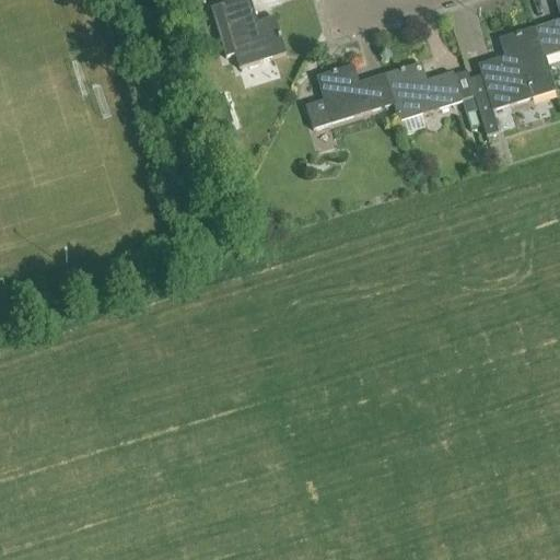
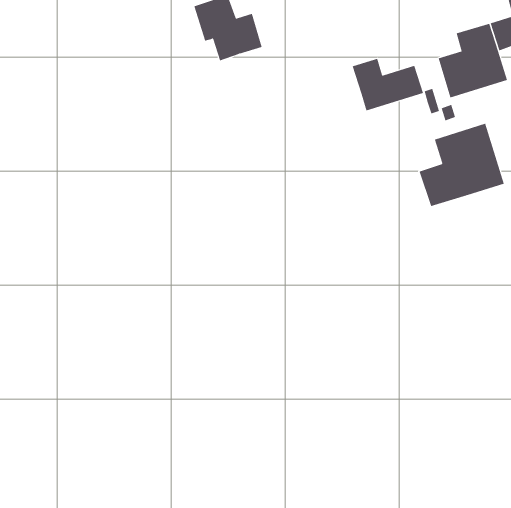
building: [306,62,395,128] -> none
building: none -> [419,123,504,207]

